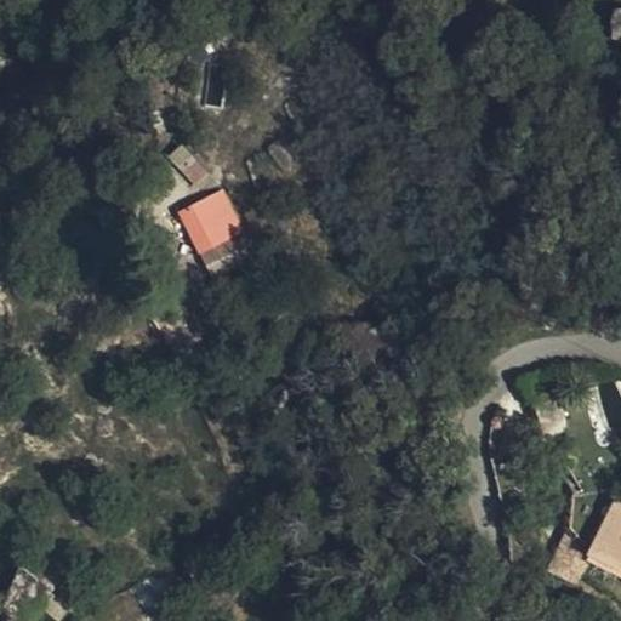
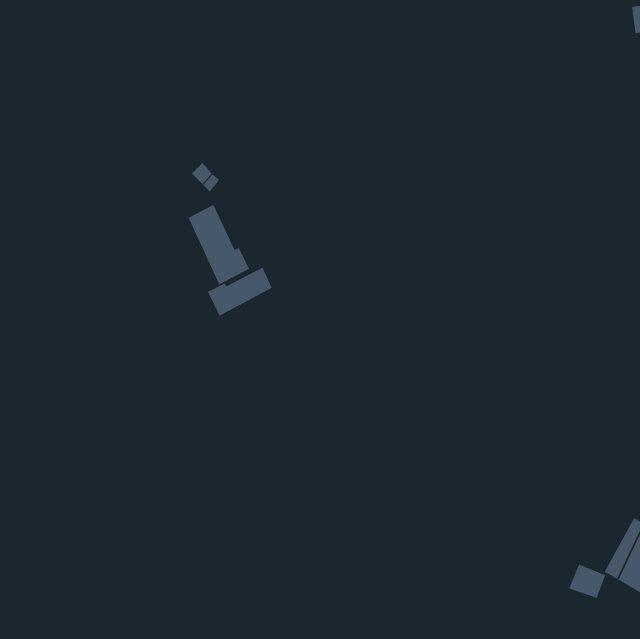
building: none -> [207,267,273,317]

